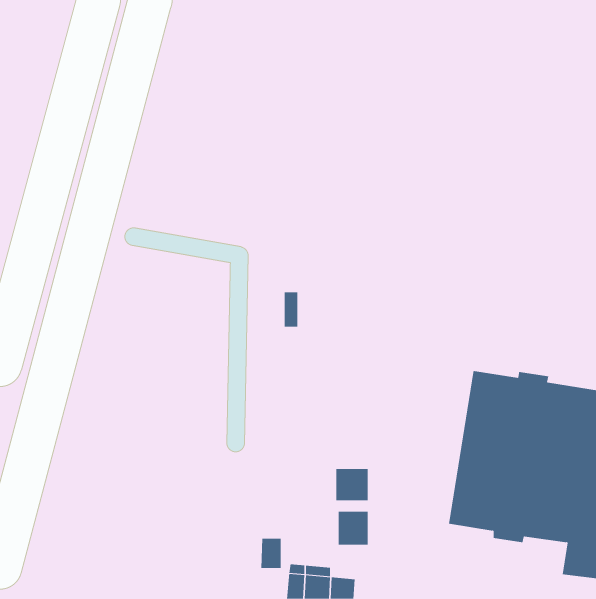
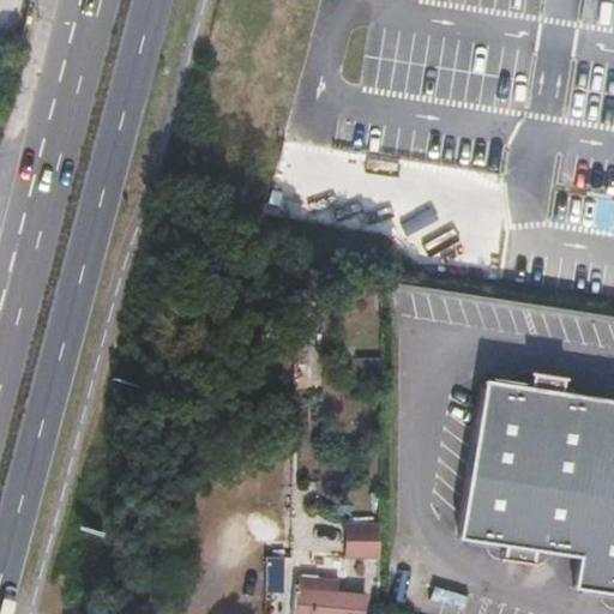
building: [336,468,368,501] -> none

